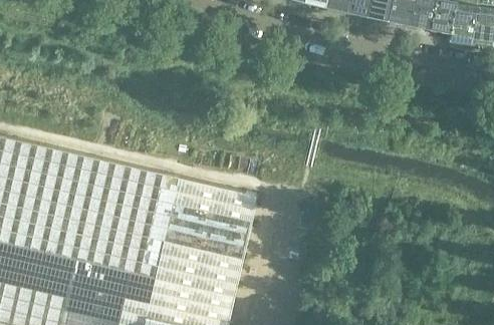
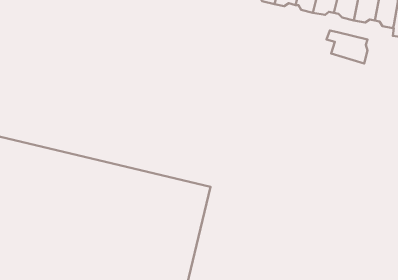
building: none -> [326,30,368,64]

